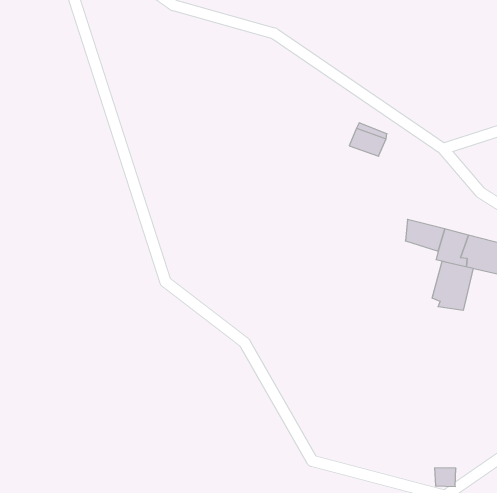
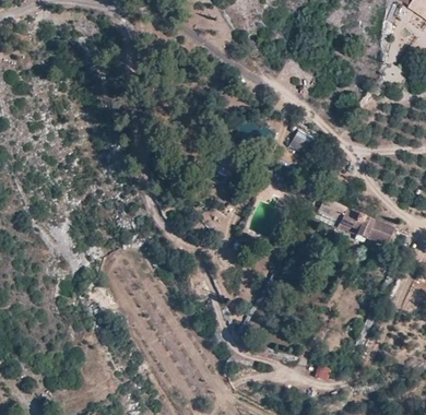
building: [432,261,473,310] -> none

